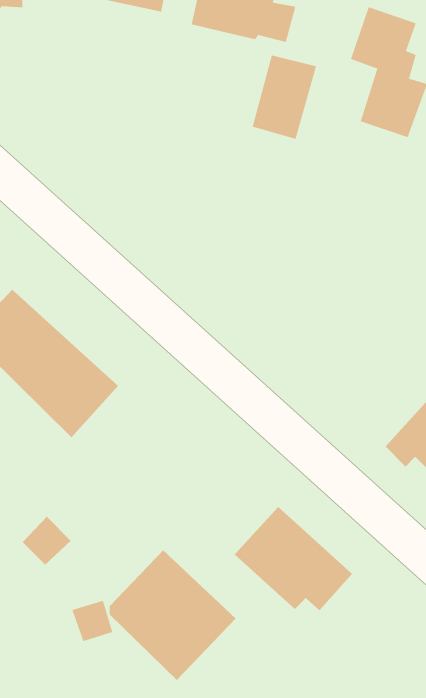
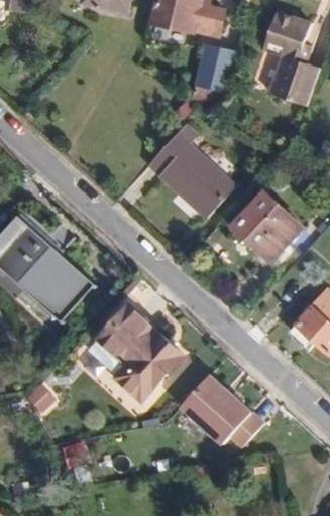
building: none -> [147,122,235,217]
building: none -> [230,188,304,262]
building: [109,549,236,681] -> [90,304,183,400]

